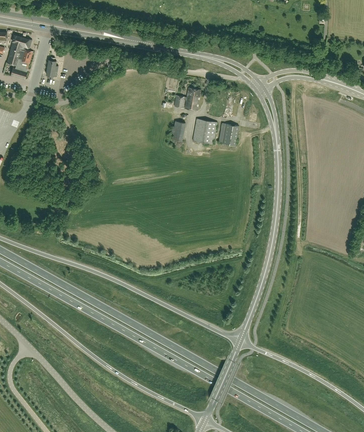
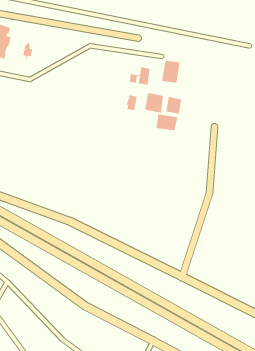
building: none -> [161,60,180,84]
building: none -> [155,114,178,131]

